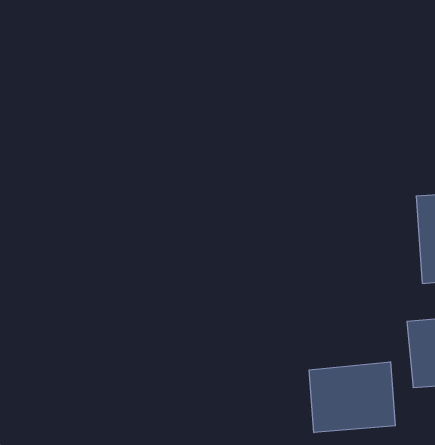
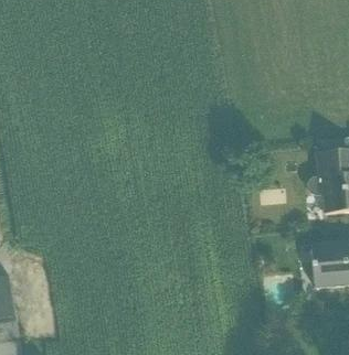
building: [309,362,395,433] -> none

